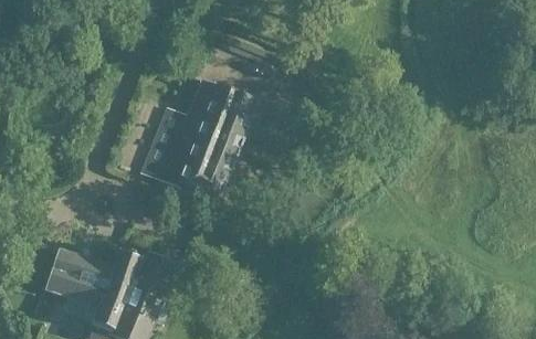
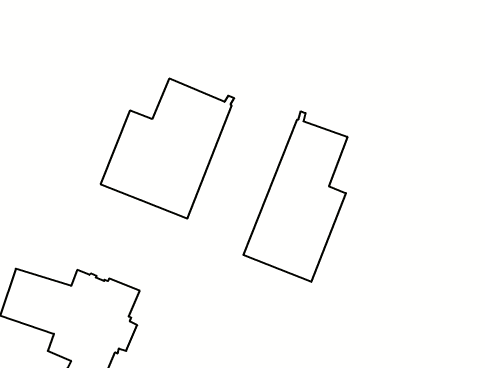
building: none -> [243,111,347,282]

